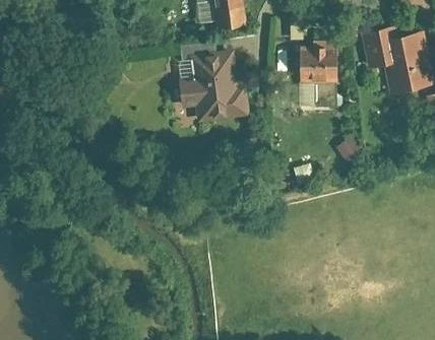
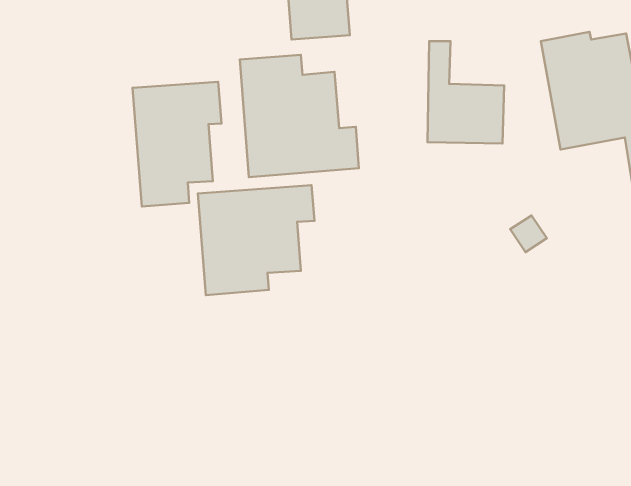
building: none -> [133,82,221,207]
building: none -> [198,185,315,295]

